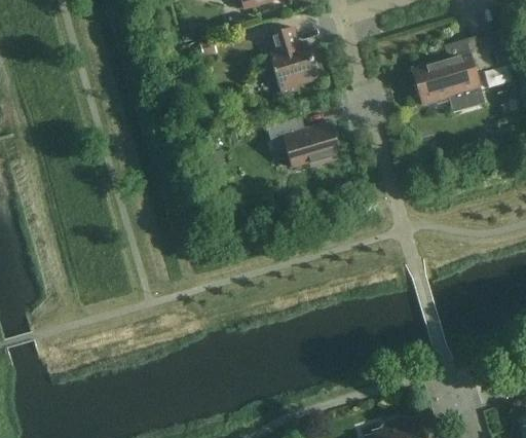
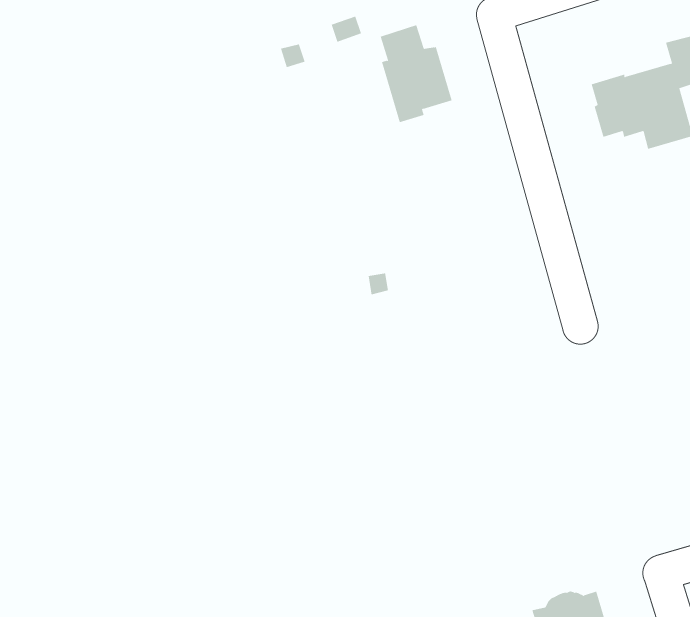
building: [266,117,340,166] -> none

